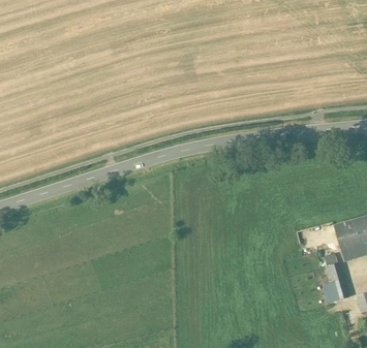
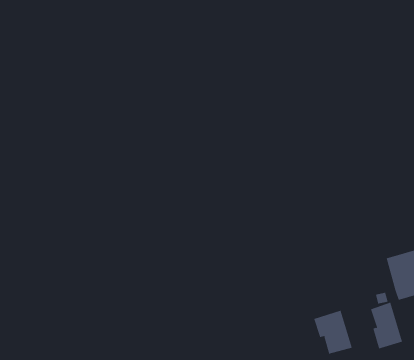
building: none -> [314,310,353,355]

